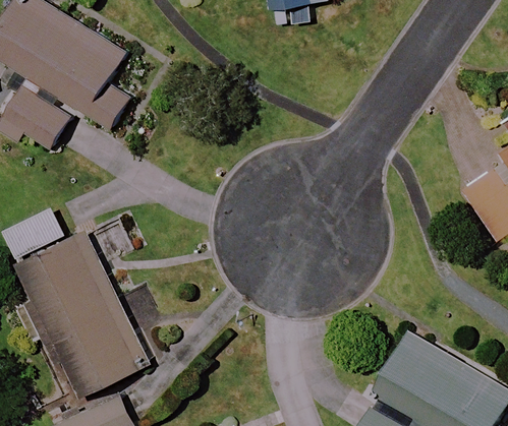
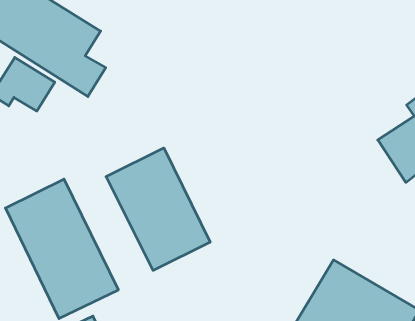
building: none -> [106,148,210,270]

